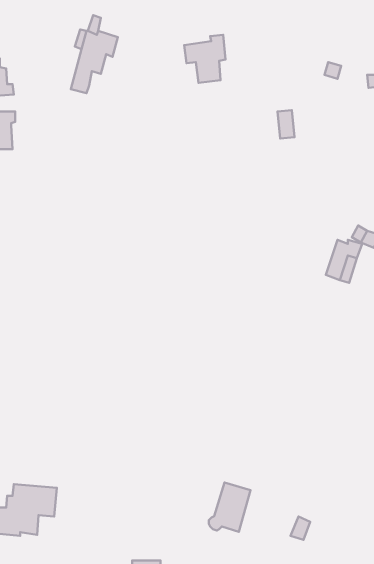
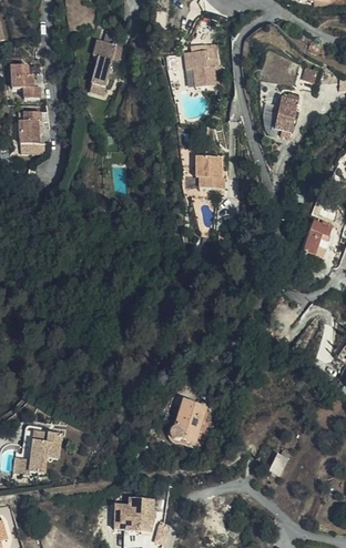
building: none -> [278,90,302,129]
building: none -> [195,158,224,189]
building: [209,482,251,532] -> [170,400,205,443]

